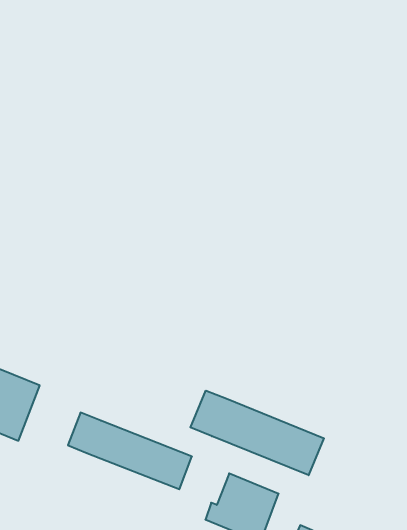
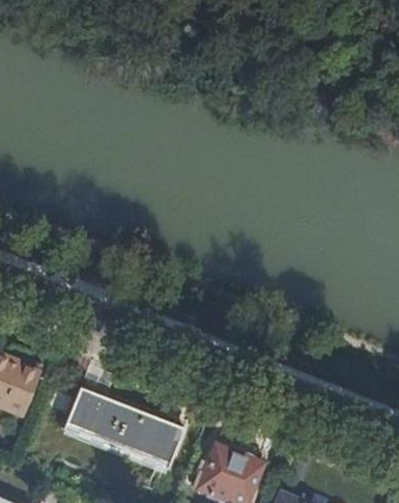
building: [190,391,324,475] -> none

